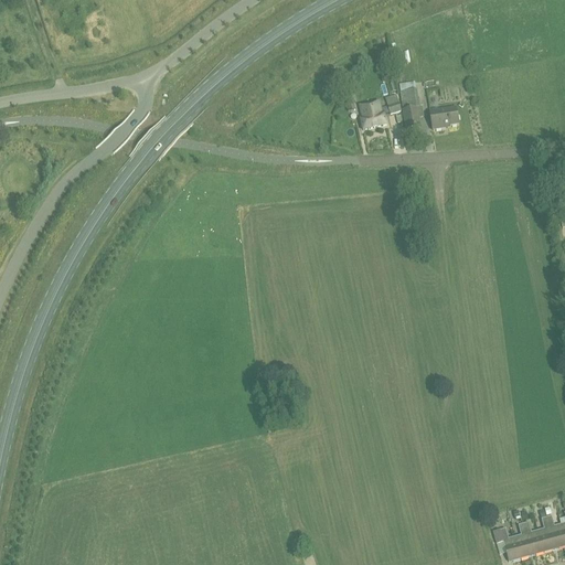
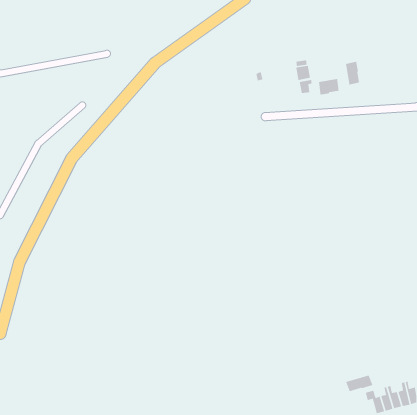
building: none -> [345,61,360,85]
building: [360,99,387,129] -> none
building: none -> [345,374,373,392]

